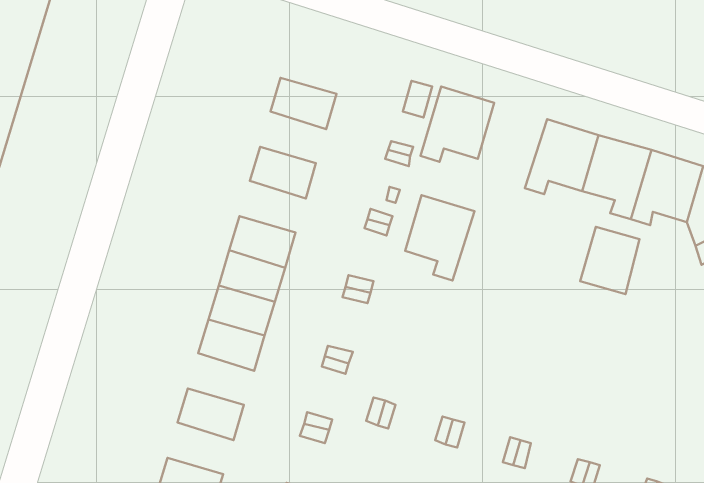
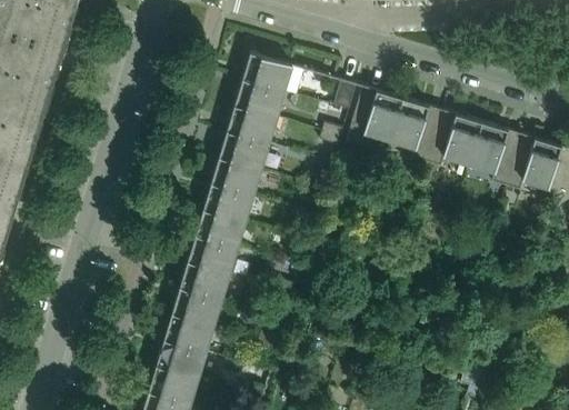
building: none -> [241,57,292,96]
building: none -> [226,109,276,148]
building: none -> [210,161,260,200]
building: [405,195,474,280] -> [390,102,442,167]
building: [580,227,640,294] -> none
building: none -> [171,291,221,330]
building: none -> [156,343,206,382]

